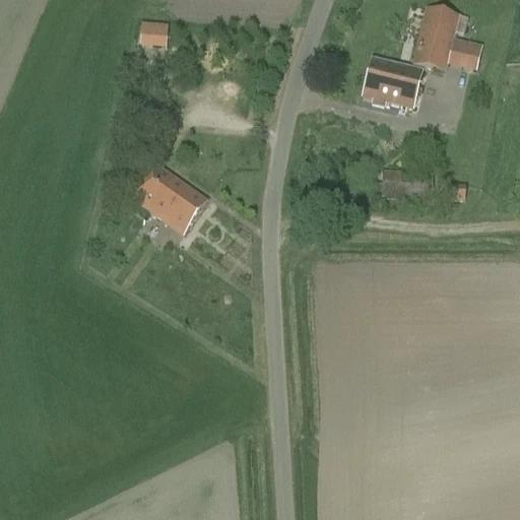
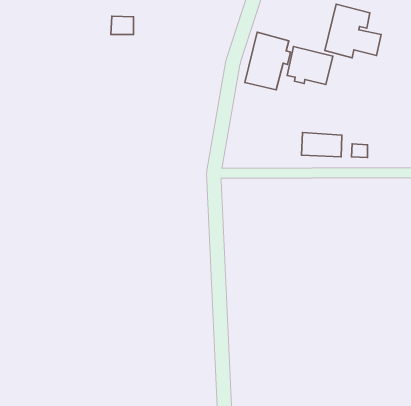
building: none -> [245,32,290,90]
building: [132,164,207,235] -> none

